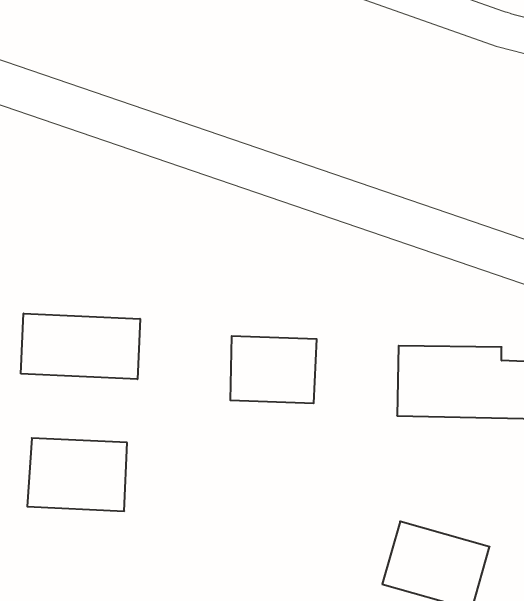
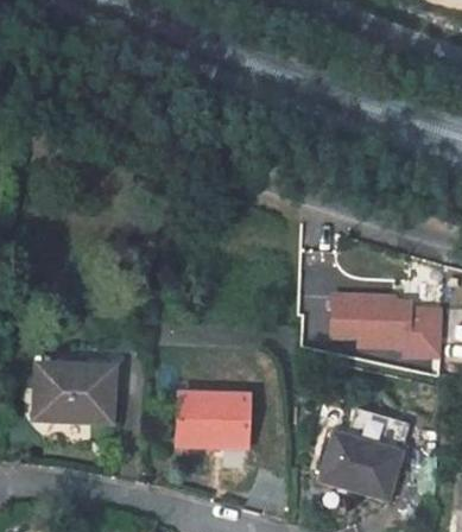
building: [21,313,140,379] -> none
building: [230,336,317,403] -> [179,393,248,446]

